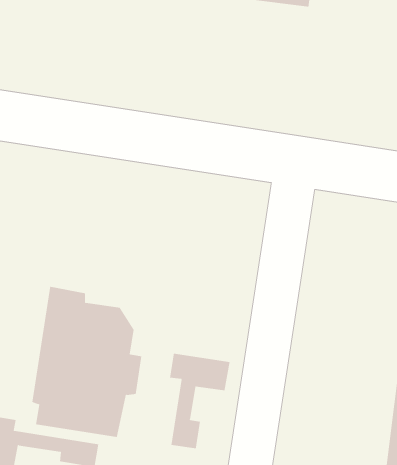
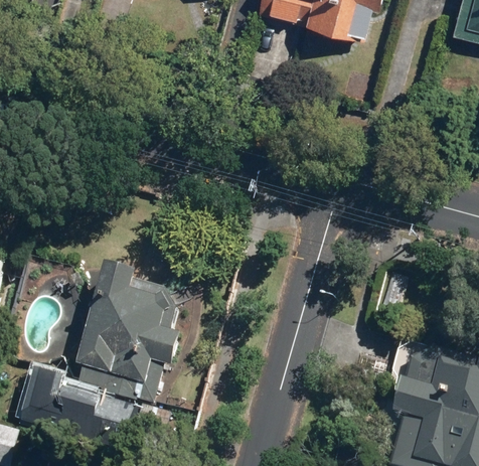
building: [170,353,230,449] -> none

